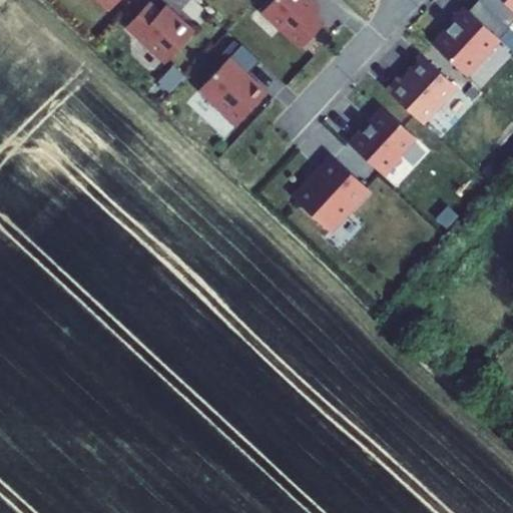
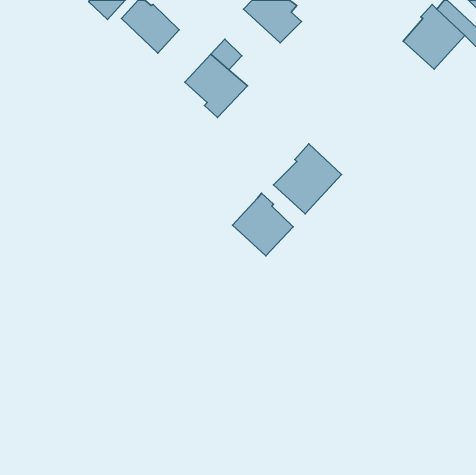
building: [387,58,457,124] -> none
building: [349,109,417,178] -> none
building: none -> [233,193,293,256]

